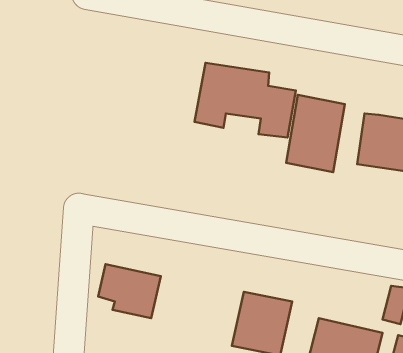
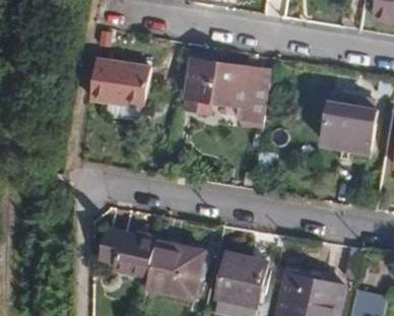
building: none -> [89,59,150,104]
building: [286,95,345,172] -> none
building: none -> [145,239,204,299]

